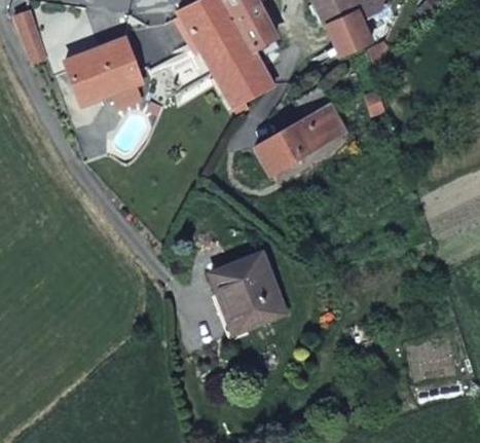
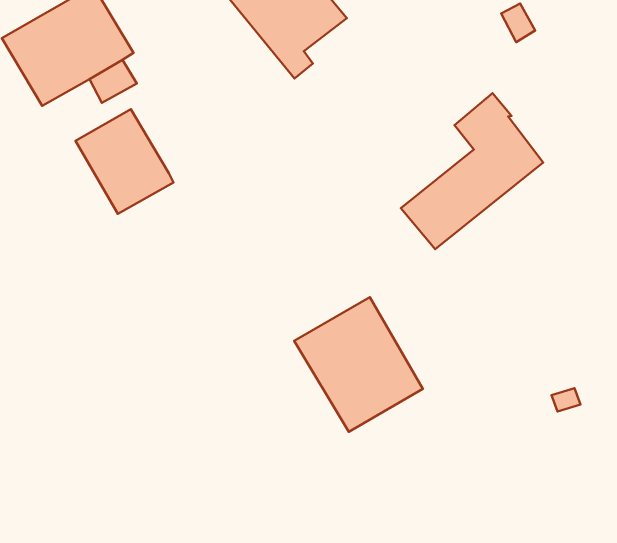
building: [254,86,343,174] -> [401,93,543,249]
building: none -> [75,109,174,214]

